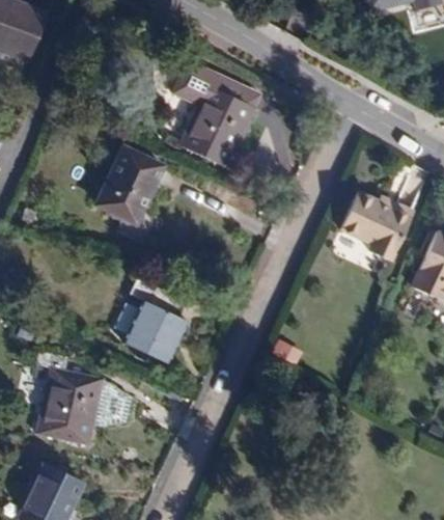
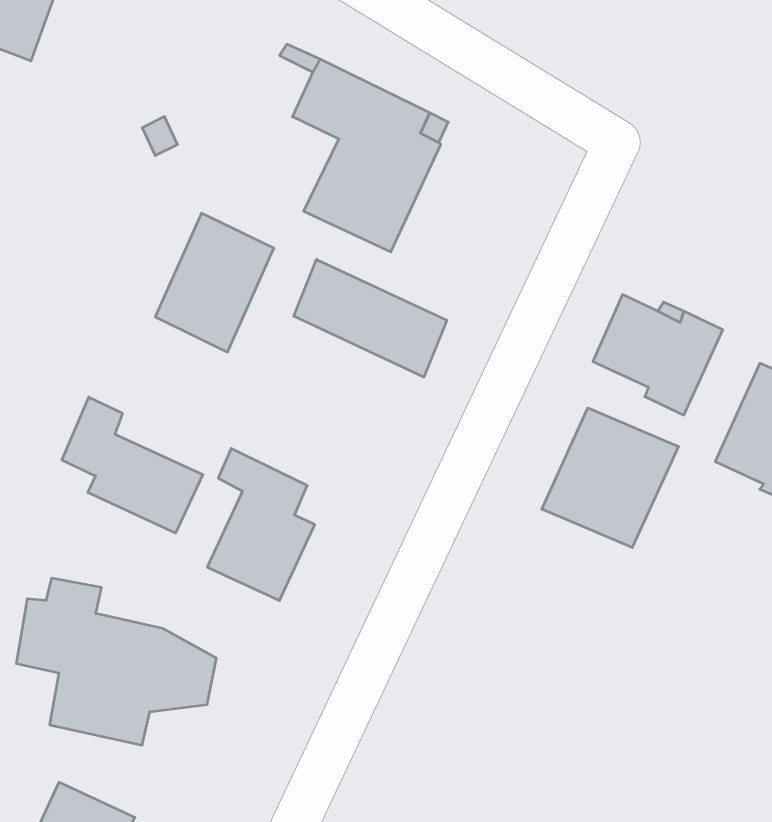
building: none -> [294,259,447,377]
building: none -> [62,397,203,533]
building: none -> [542,408,678,548]

